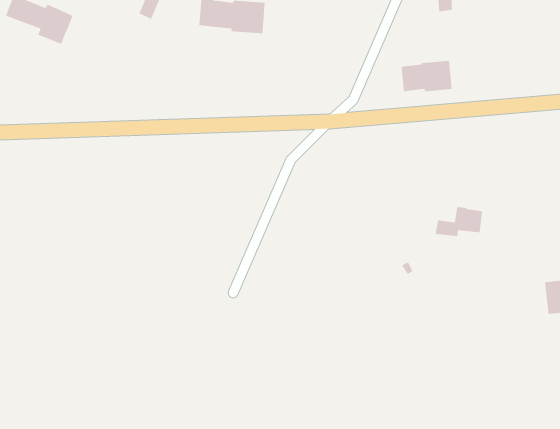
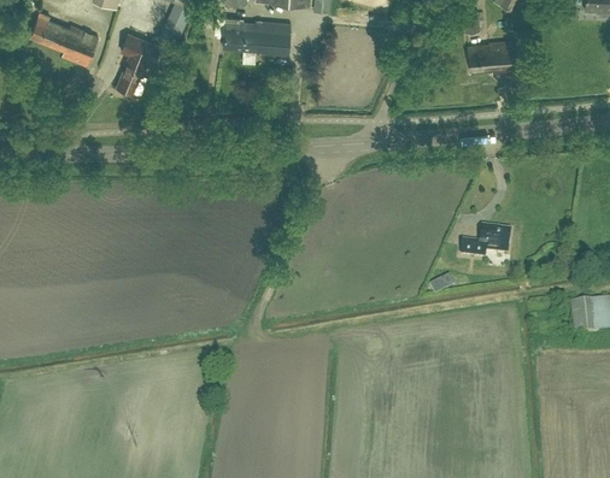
building: none -> [117,34,156,94]
building: [401,61,452,92] -> [468,41,520,72]

